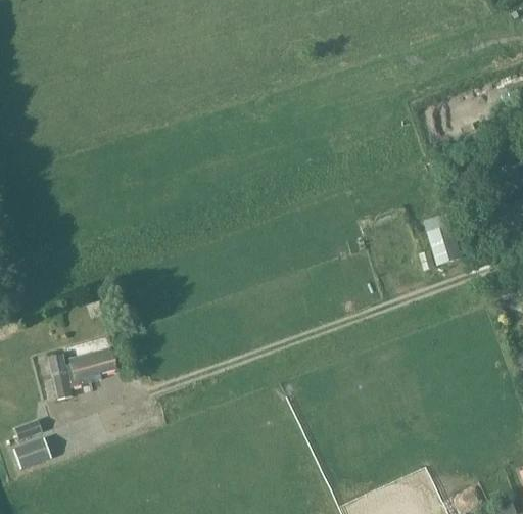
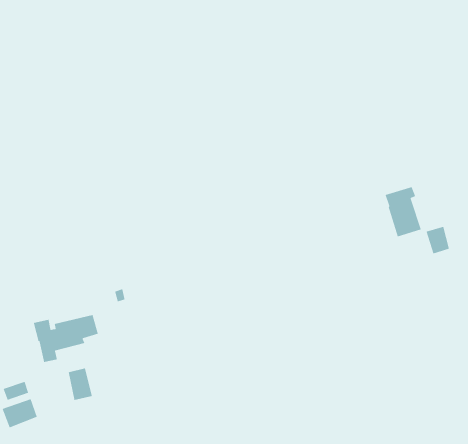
building: none -> [426,226,450,255]
building: none -> [68,367,93,401]

